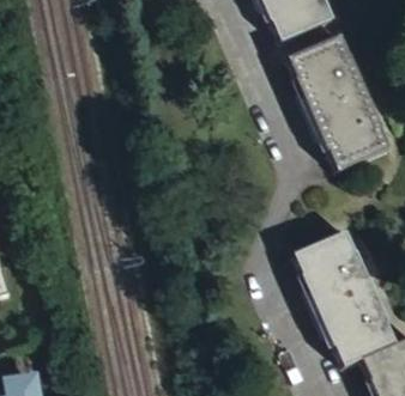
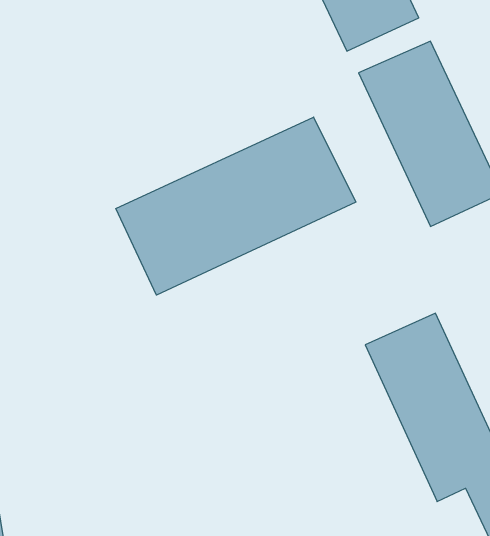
building: none -> [116,117,356,295]

